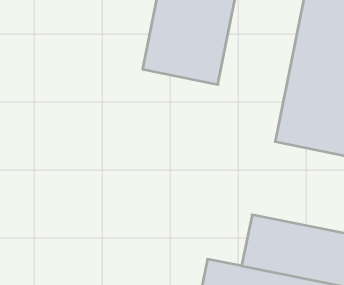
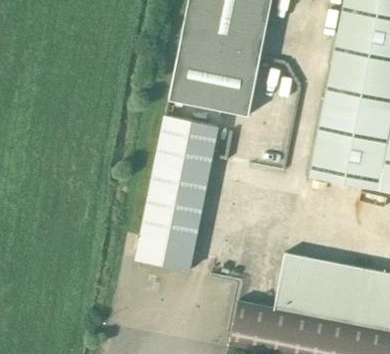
building: none -> [136,116,217,270]

